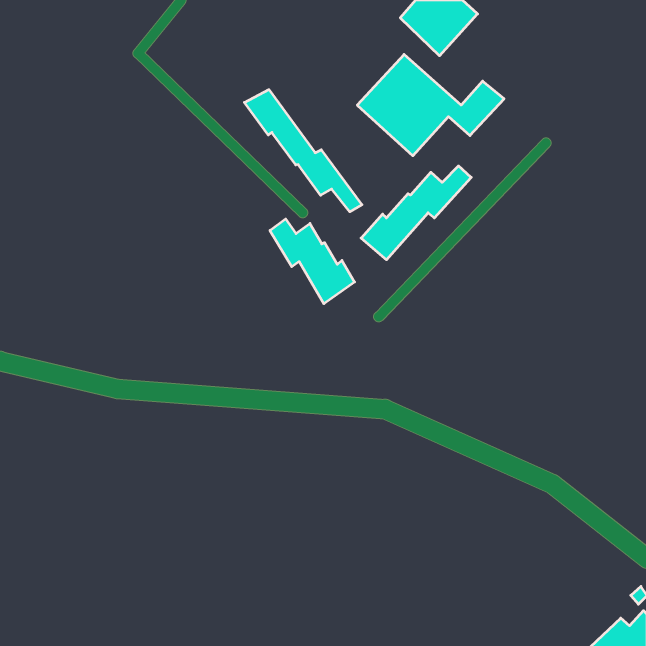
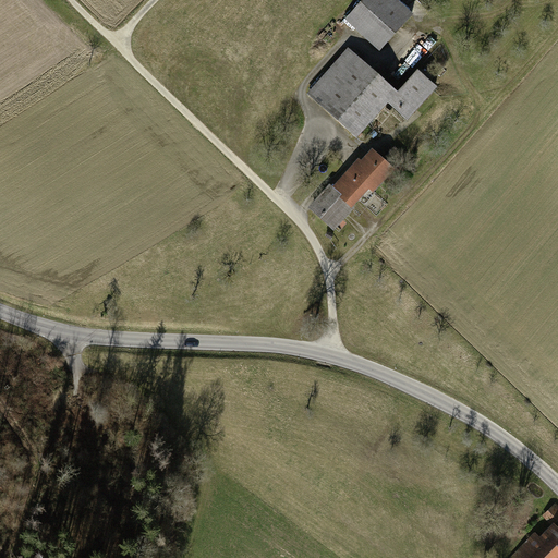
building: [244,90,362,212] -> none
building: [270,219,355,304] -> none

